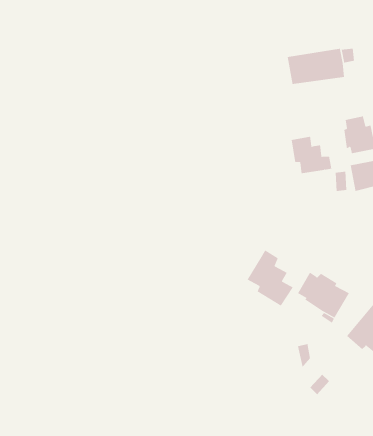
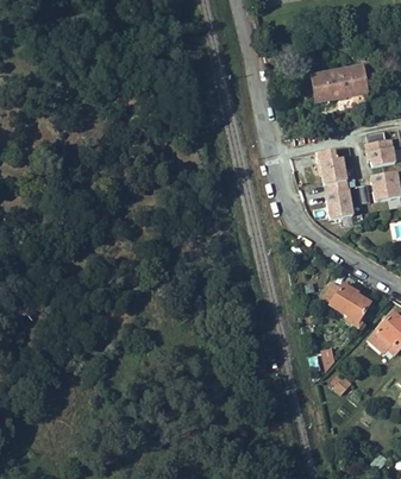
building: none -> [325,181,355,226]
building: [247,249,293,307] -> none

